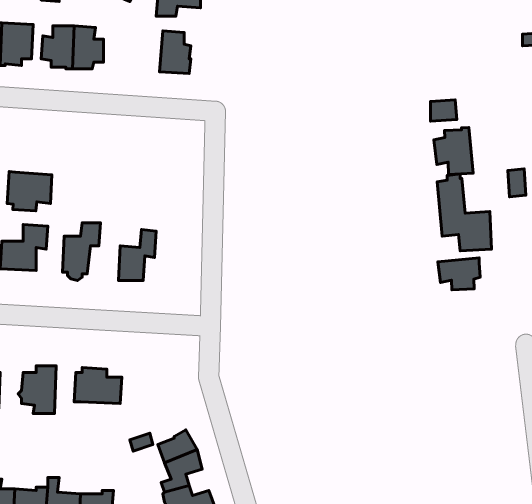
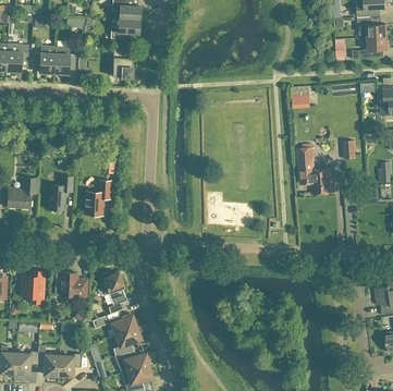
building: [434,128,473,174] -> none
building: [7,171,52,211] -> none
building: [438,258,480,290] -> none
building: none -> [101,271,125,313]

